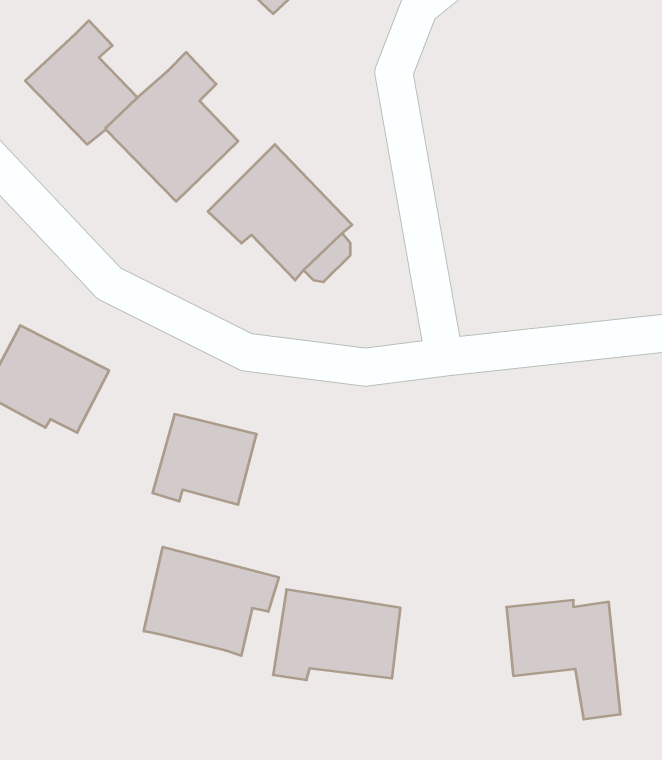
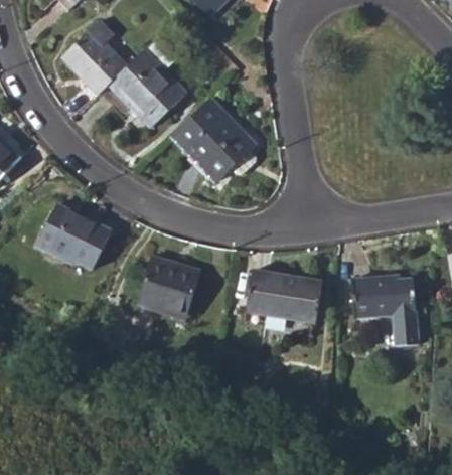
building: [144,547,279,656] -> none
building: [273,589,400,680] -> [244,270,320,324]
building: [506,600,620,719] -> [349,275,418,346]

